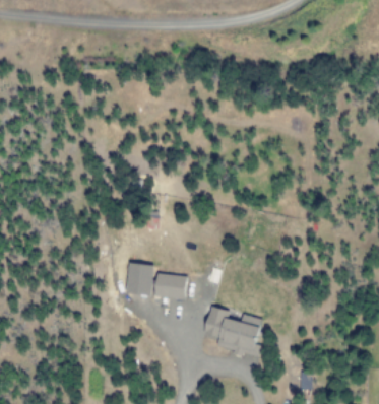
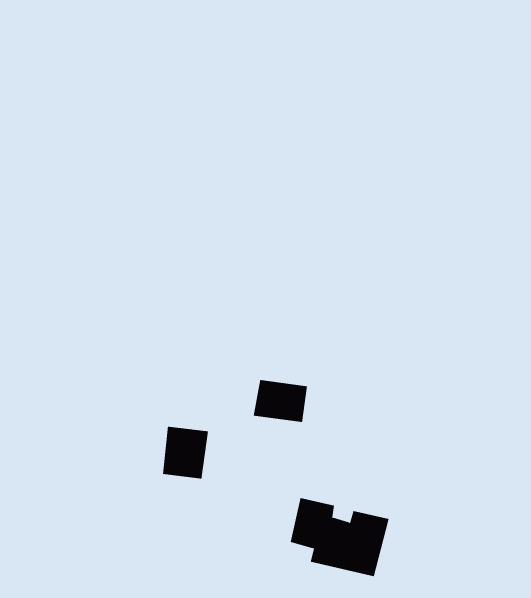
building: [152,272,186,298] -> [253,380,308,423]

